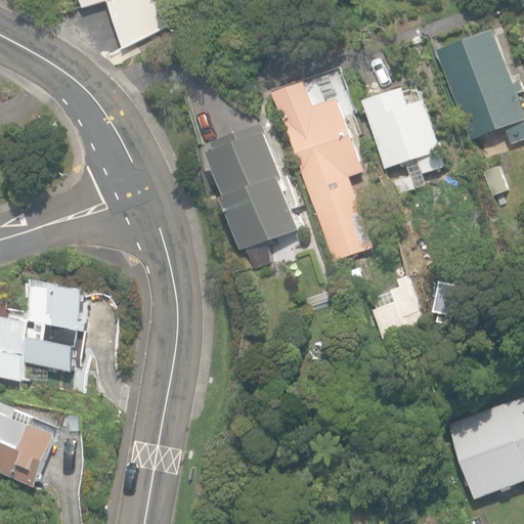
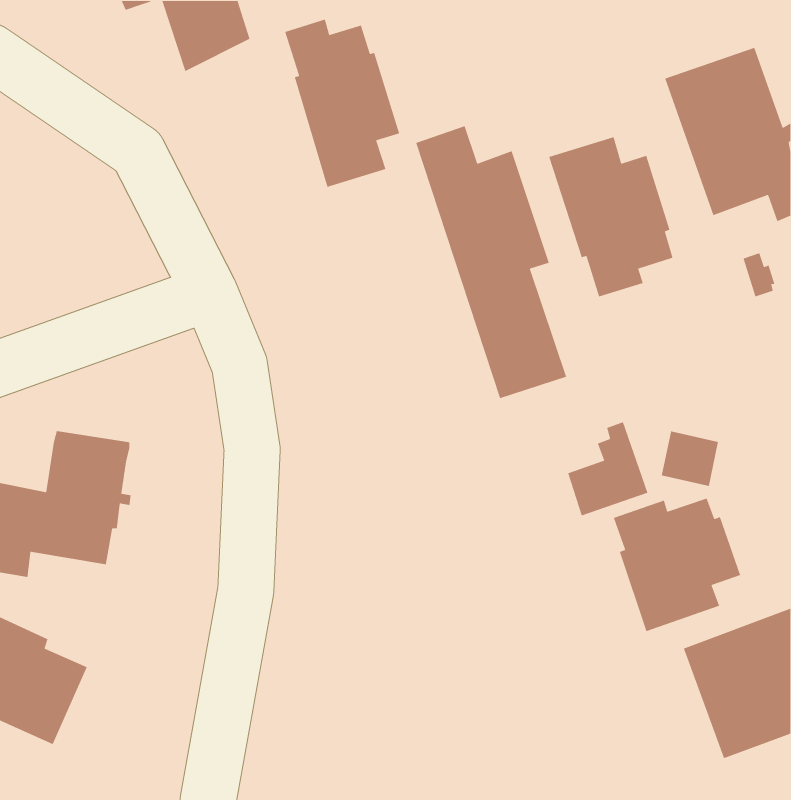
building: none -> [284,19,400,188]
building: [206,123,300,269] -> none
building: none -> [613,497,741,632]

